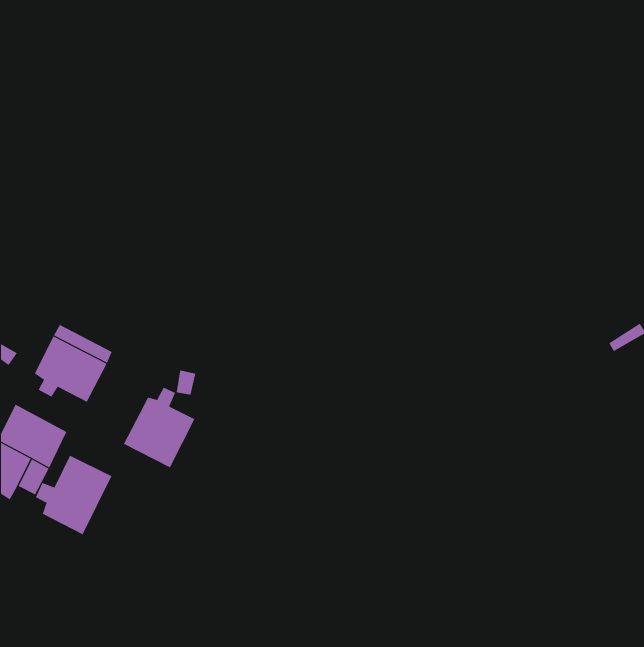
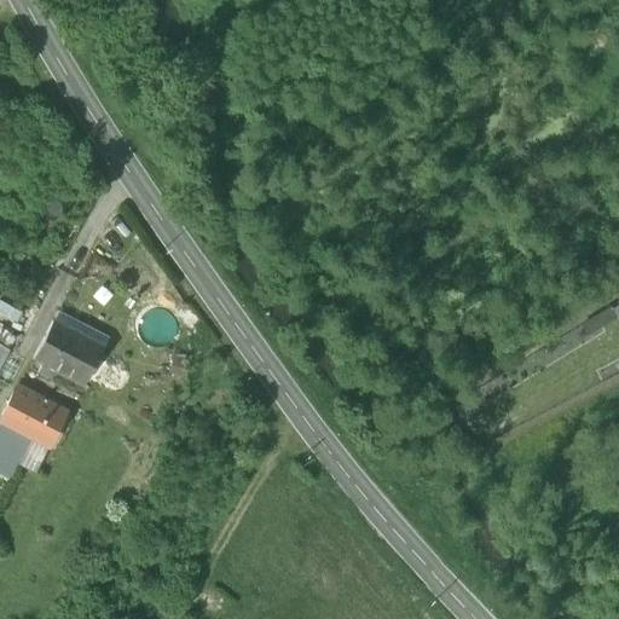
building: [123,387,195,468] -> none
building: [35,455,112,535] -> none

